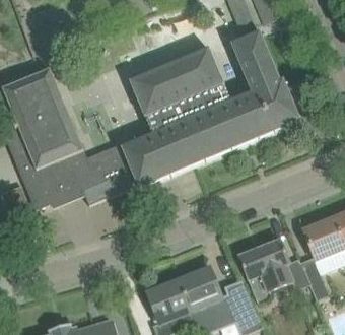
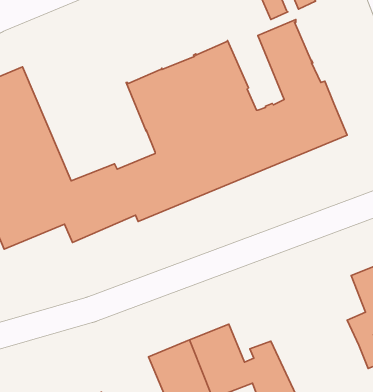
building: [237,238,308,303] -> none

